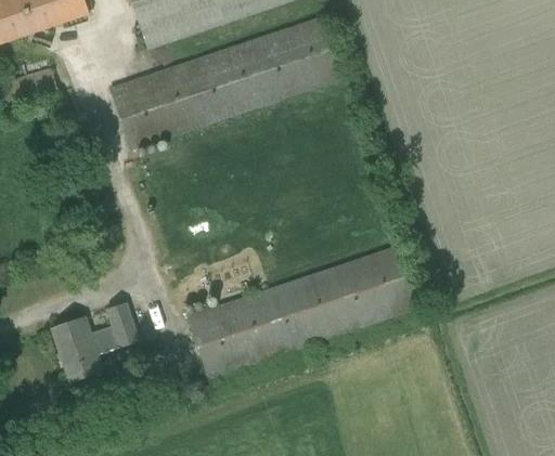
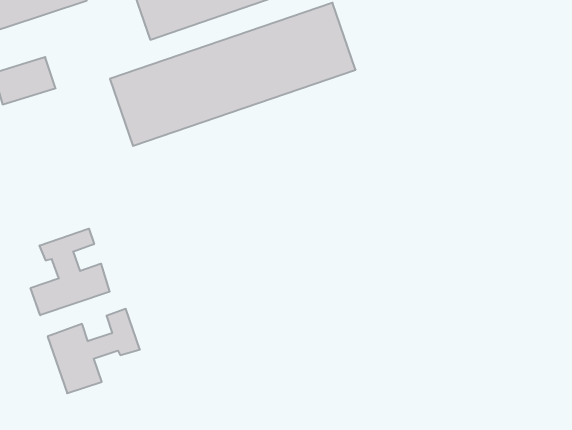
building: none -> [31,229,110,315]
building: [186,245,417,378] -> none

